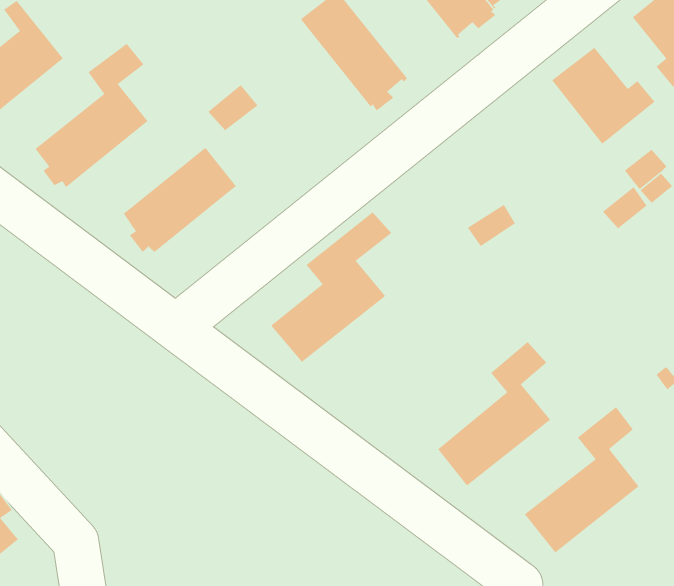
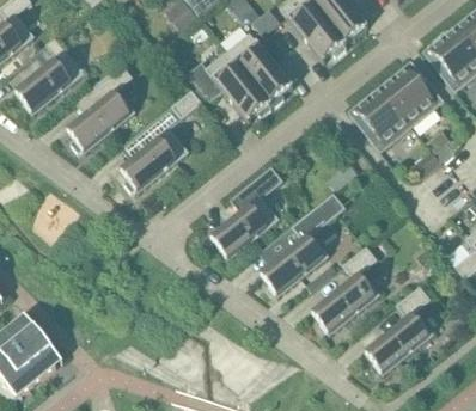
building: none -> [188,49,271,122]
building: none -> [355,86,411,151]
building: none -> [260,191,346,295]

